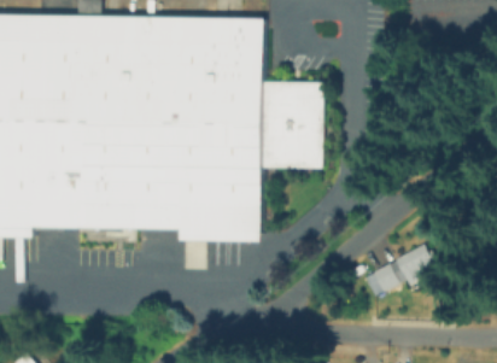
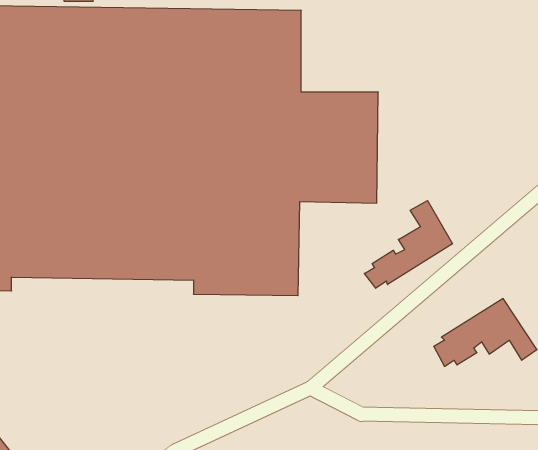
building: none -> [364,201,452,288]

